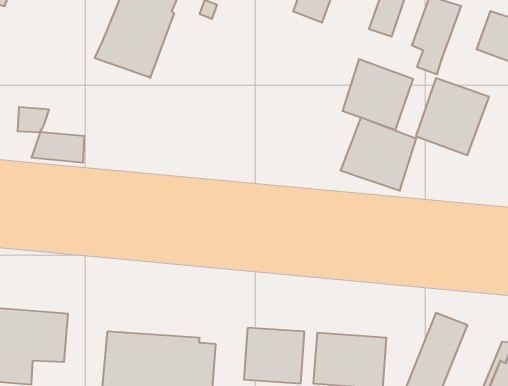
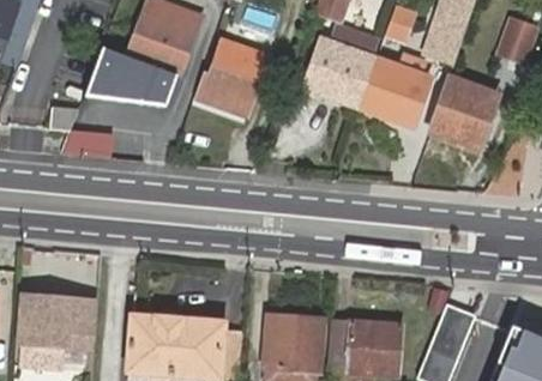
building: none -> [89,35,175,109]
building: none -> [197,40,266,109]
building: [340,117,416,191] -> [302,40,374,109]

